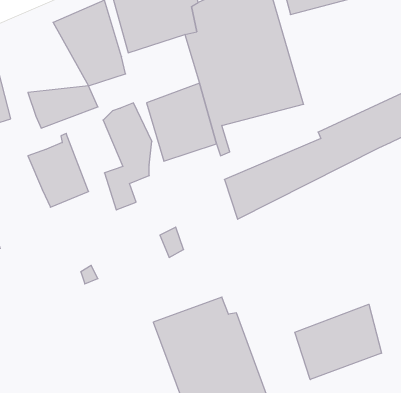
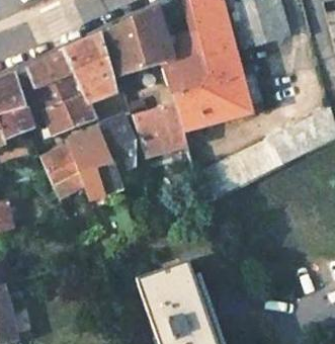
building: none -> [26,53,87,106]
building: none -> [70,127,113,209]
building: [295,304,382,380] -> none

